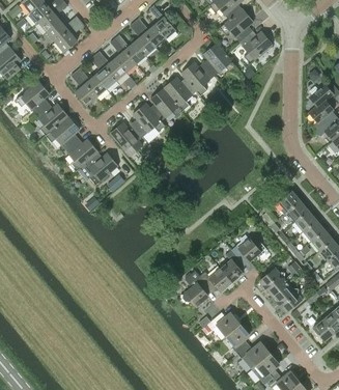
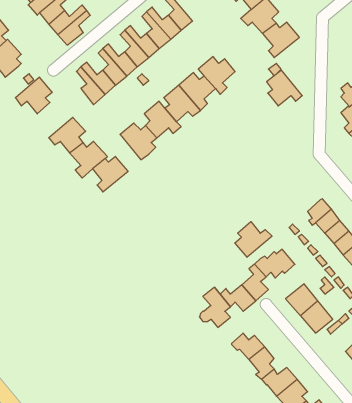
building: [203,44,235,76] -> [267,70,302,106]
building: [35,104,67,136] -> none
building: none -> [235,222,272,257]

